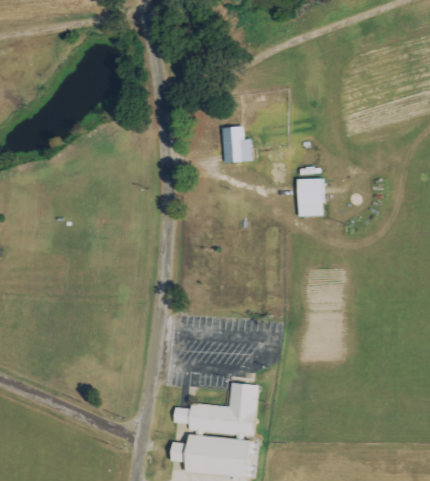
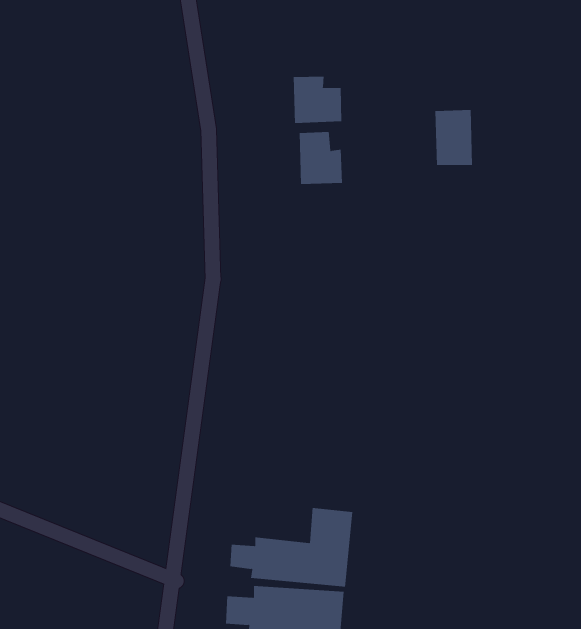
building: none -> [293,76,342,124]
building: [298,178,324,216] -> [435,109,473,165]

